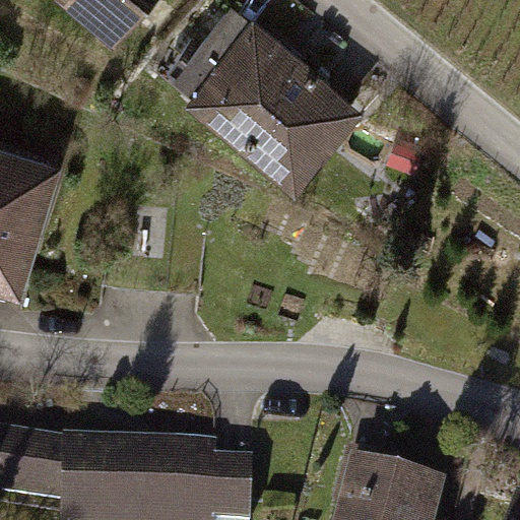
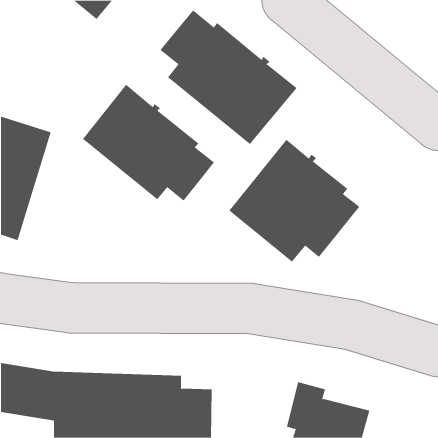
building: none -> [82,84,215,201]
building: none -> [229,139,360,263]

